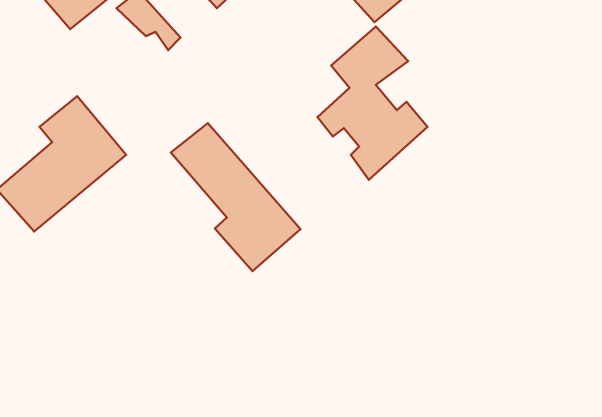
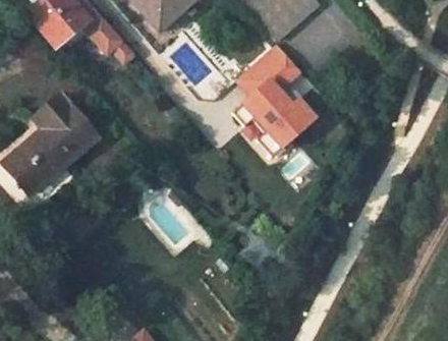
building: [171,123,301,271] -> none

